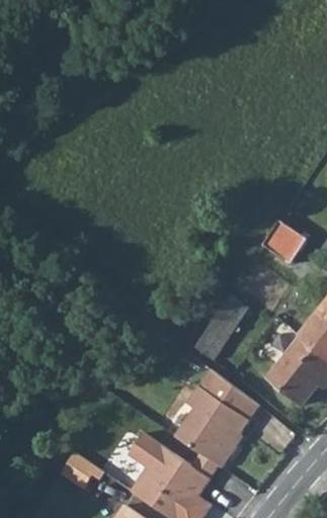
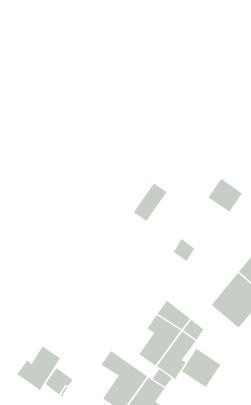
building: [193,313,236,361] -> [133,182,168,222]
building: none -> [16,345,61,391]
building: none -> [181,348,221,388]

